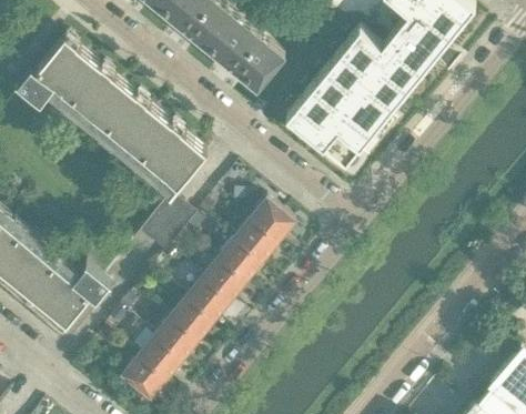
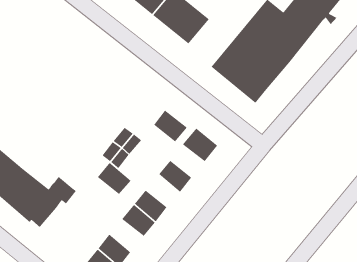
building: [16,38,205,190] -> none
building: [231,222,276,265] -> [153,110,188,143]
building: [199,261,244,304] -> [97,162,131,195]
building: [151,320,196,363] -> none

